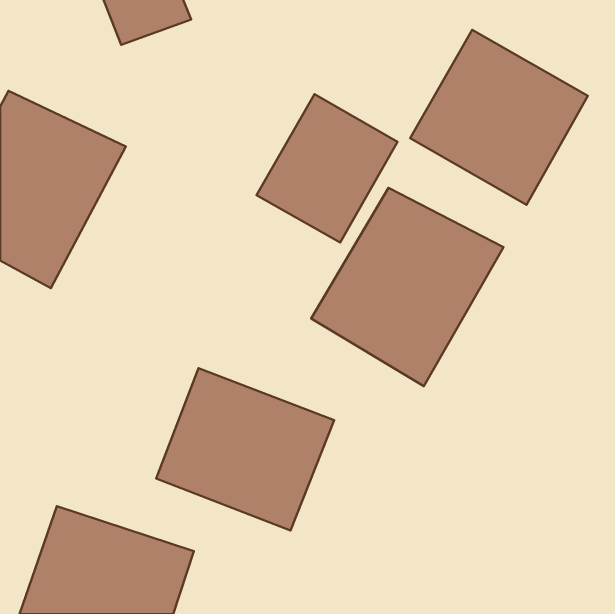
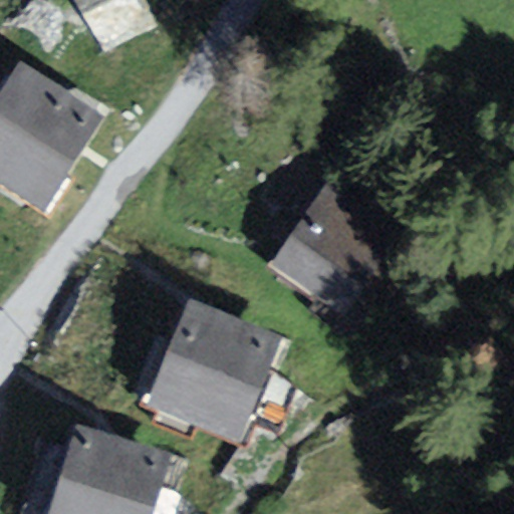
building: [410,30,588,205] -> none
building: [256,94,398,242] -> none

